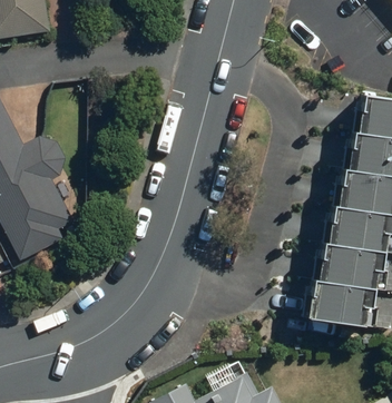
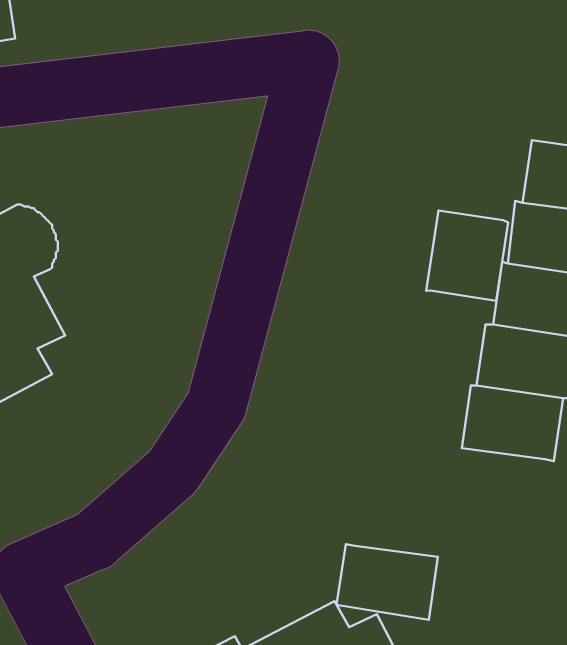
building: none -> [426,210,508,301]
building: [306,278,367,324] -> [337,544,438,620]

